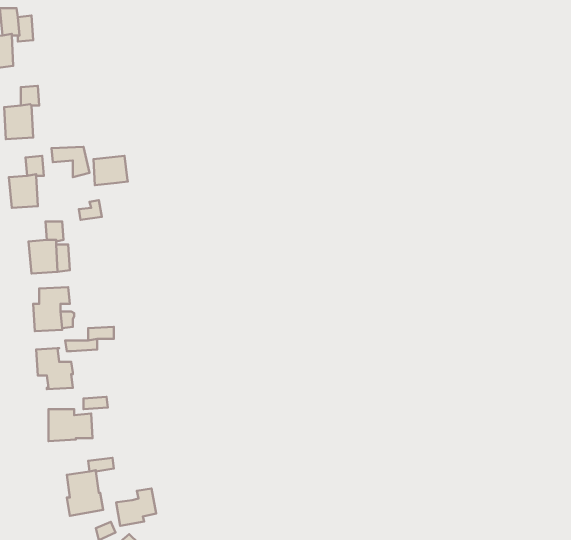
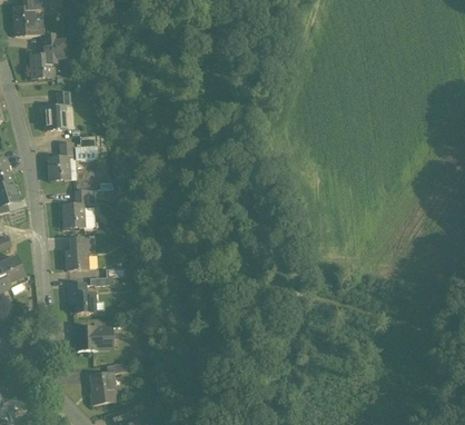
building: [93,156,128,185] -> none
building: [116,489,156,526] -> none

